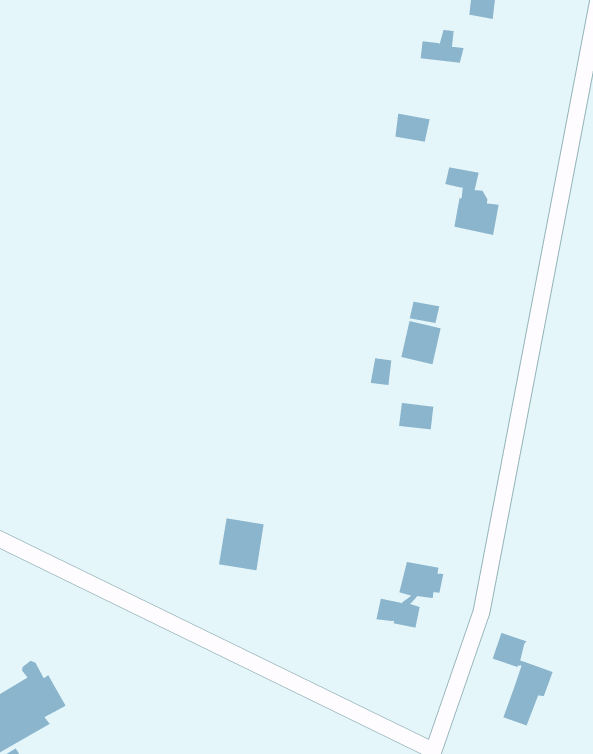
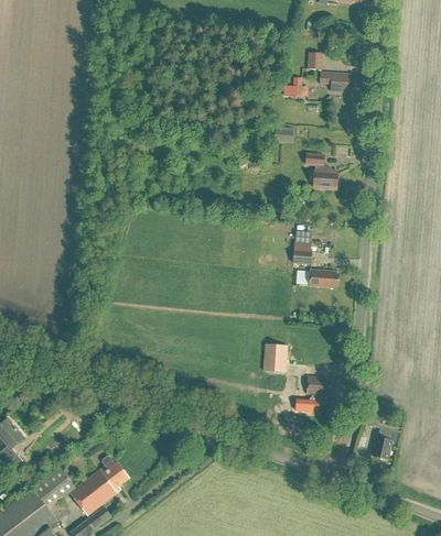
building: none -> [319,72,354,92]
building: none -> [309,269,338,287]
building: [218,518,265,571] -> [263,343,287,371]

